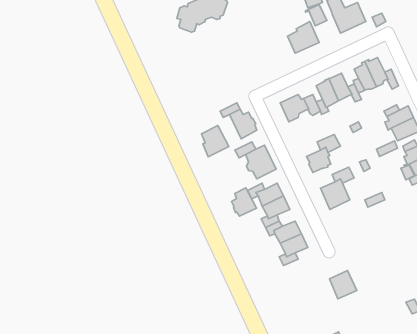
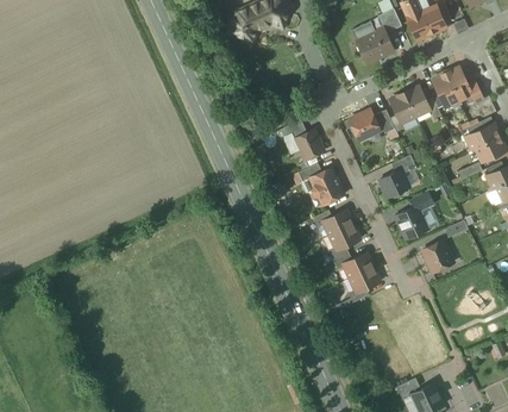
building: [202,126,229,157] -> none
building: [231,188,257,216] -> none
building: [329,270,357,299] -> [422,241,453,273]

